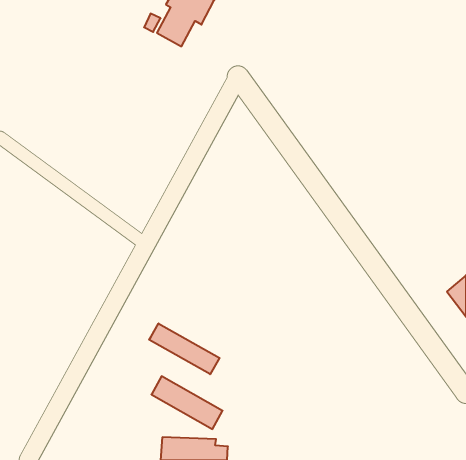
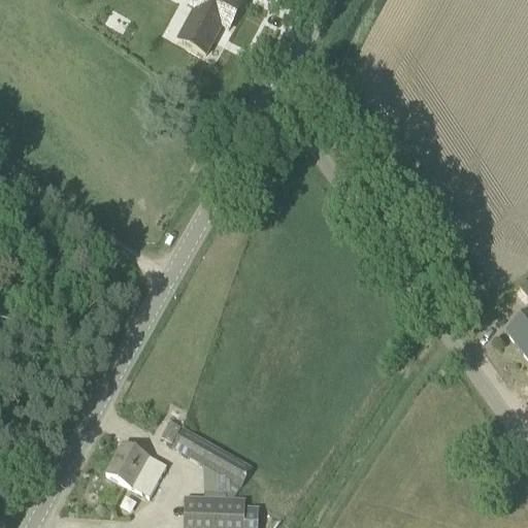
building: [149,323,220,374] -> none
building: none -> [105,440,166,496]

